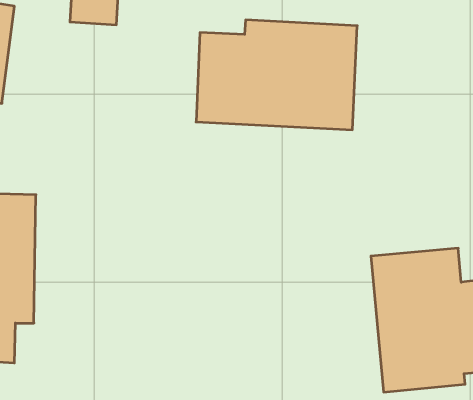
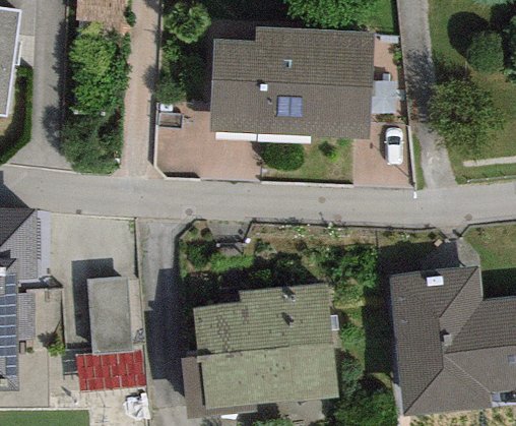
building: none -> [82,272,142,385]
building: none -> [192,285,337,411]

